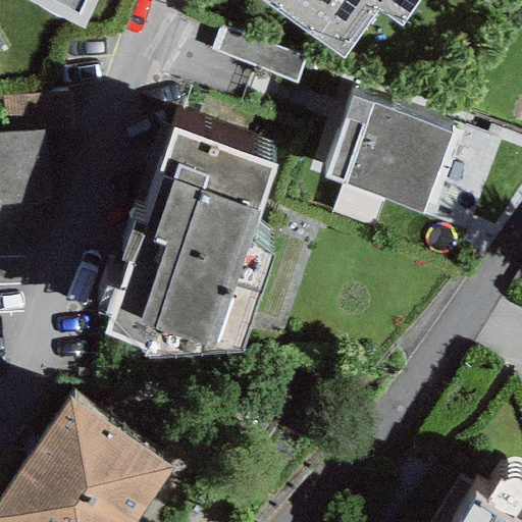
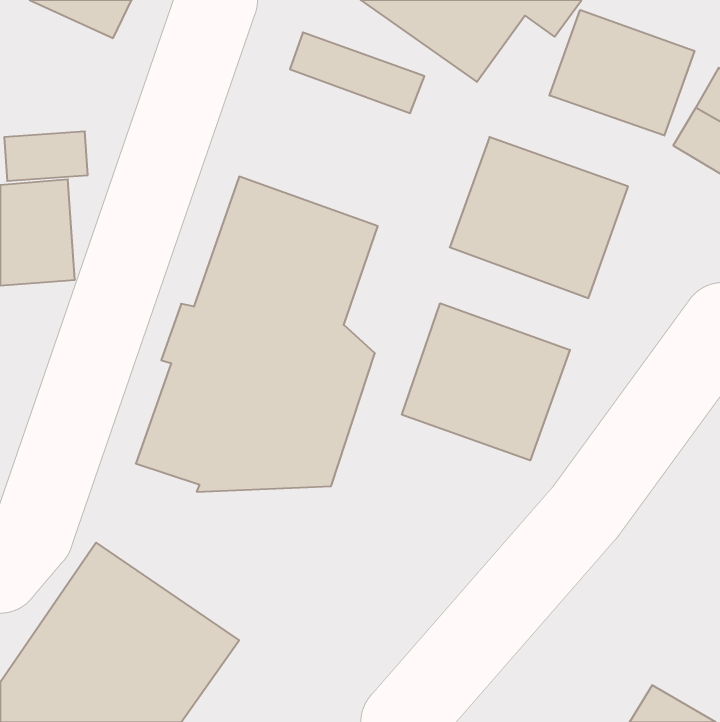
building: none -> [549,10,694,136]
building: none -> [402,303,570,460]

